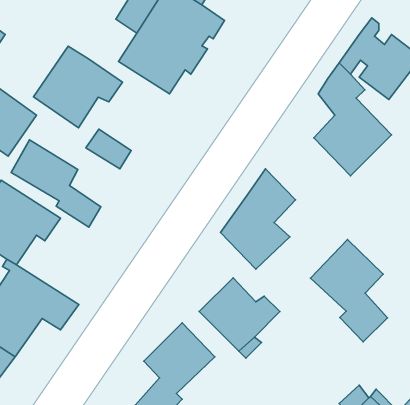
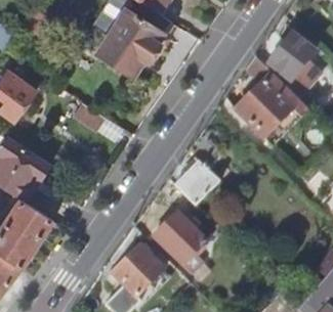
building: [33,46,122,128] -> none
building: [11,140,101,227] -> none
building: [311,240,387,342] -> none

